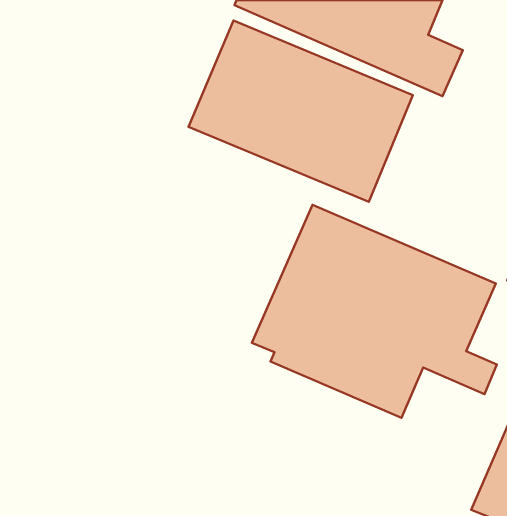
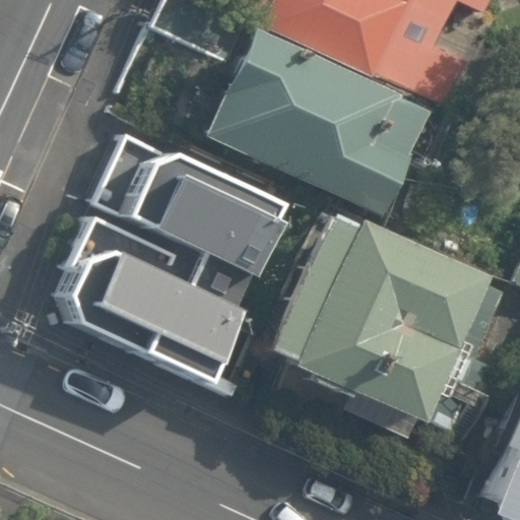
building: none -> [101,142,285,272]
building: none -> [63,217,251,383]

